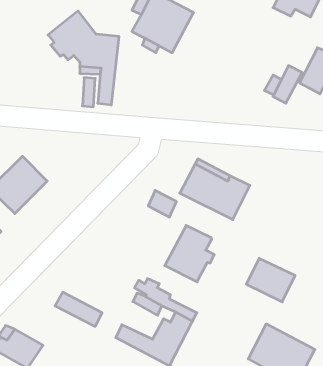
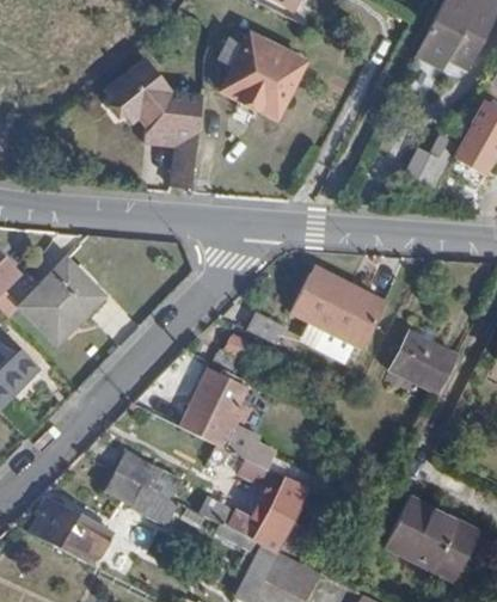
building: [165,225,214,282] -> [178,370,247,449]
building: [246,258,295,302] -> [387,333,455,394]
building: none -> [103,471,174,526]

